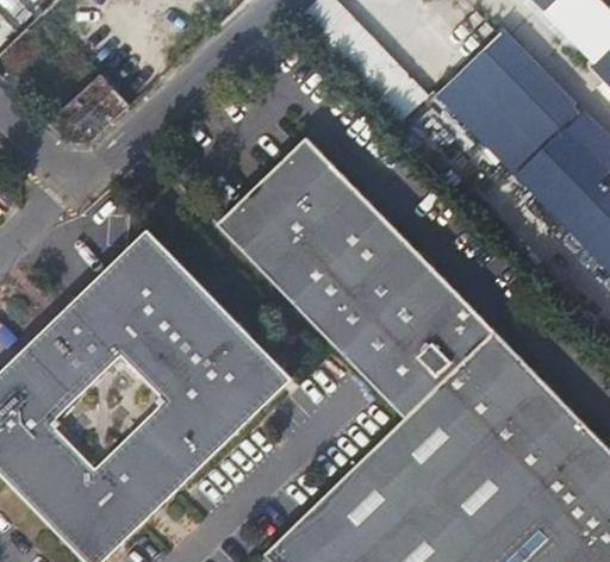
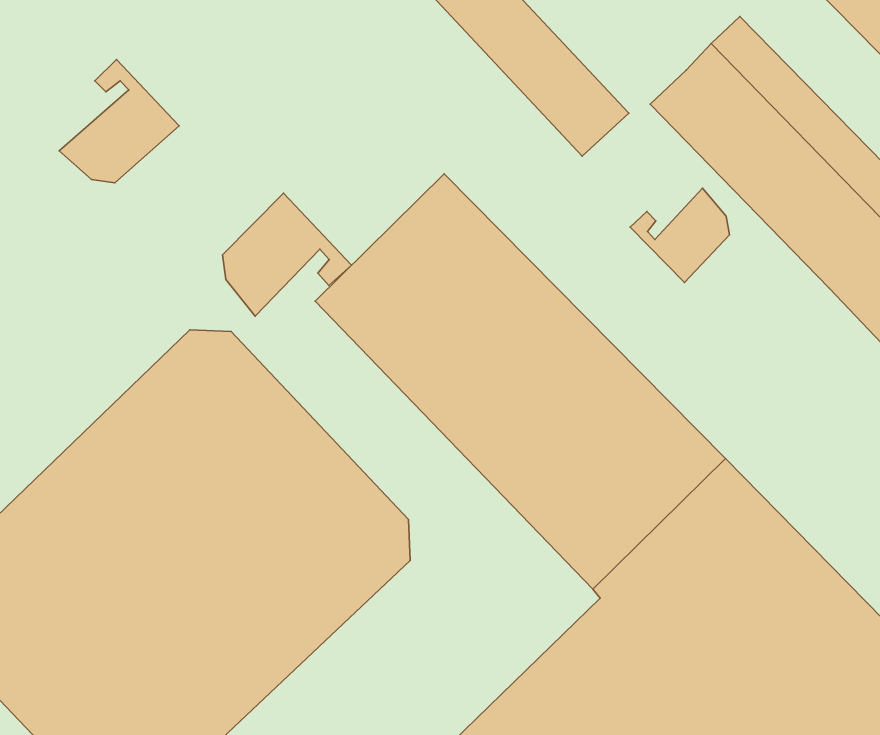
building: none -> [630,188,729,282]
building: none -> [222,193,352,316]

